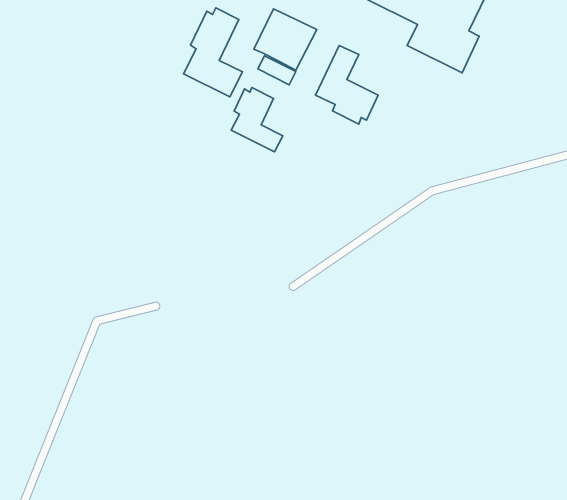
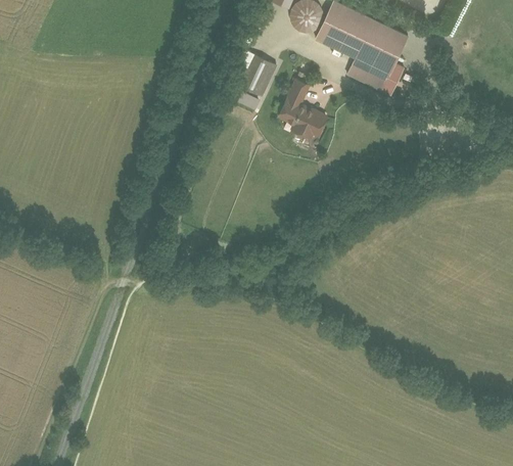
building: [183,8,243,97] -> none
building: [231,88,283,152] -> none

